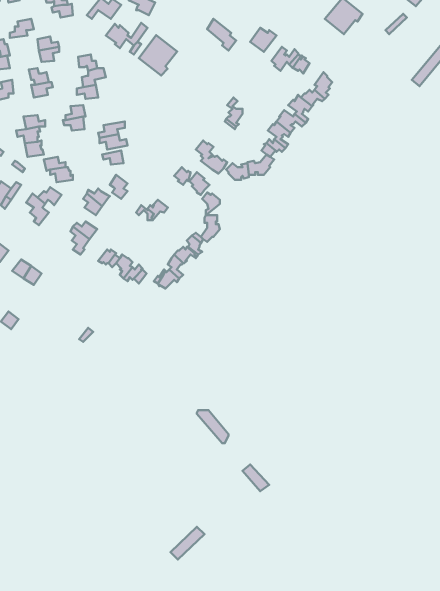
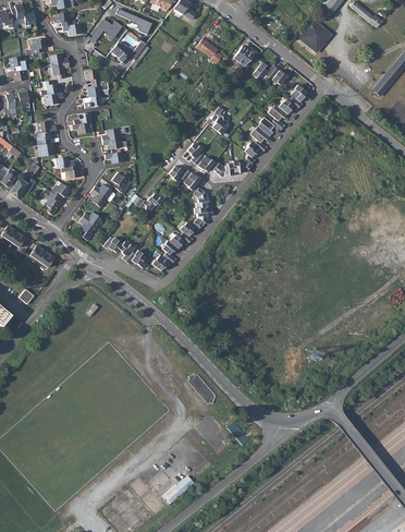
building: [139,35,177,76] -> none

